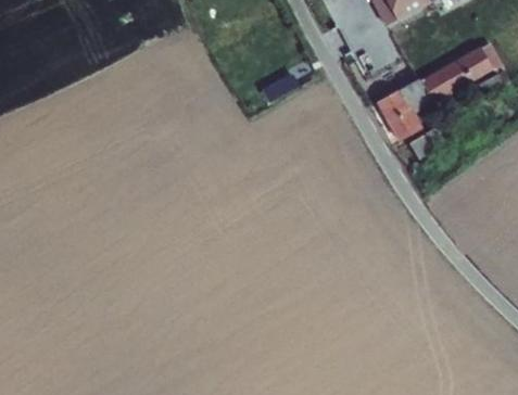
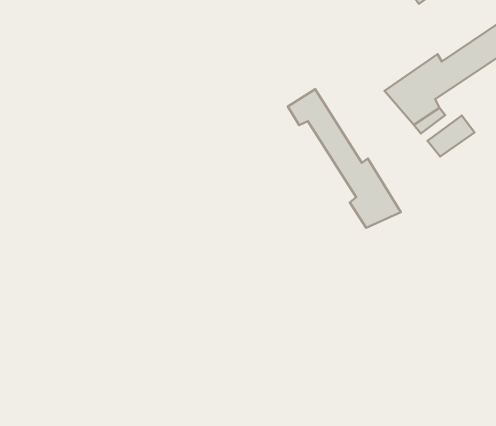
building: none -> [288,89,401,228]

